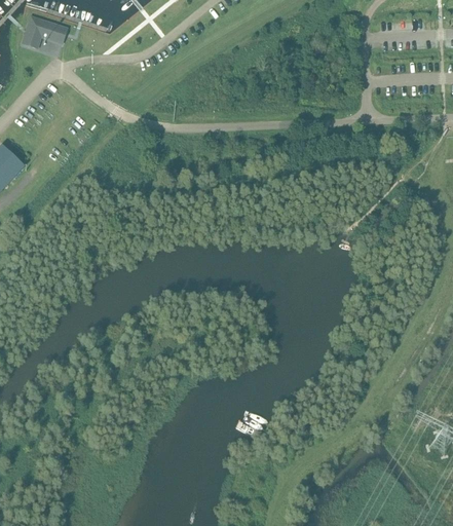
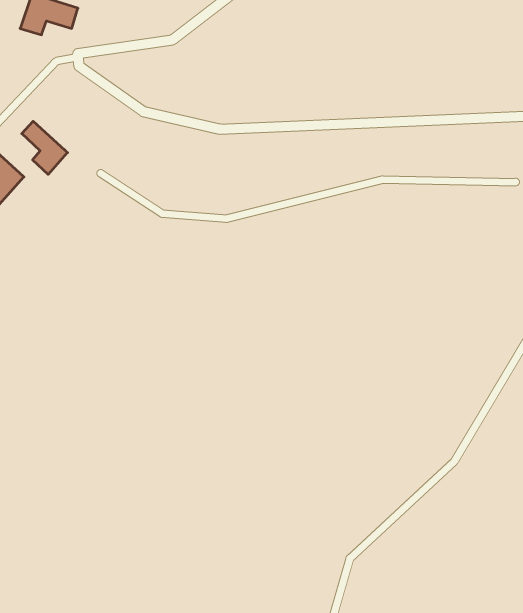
building: none -> [22,121,68,174]

